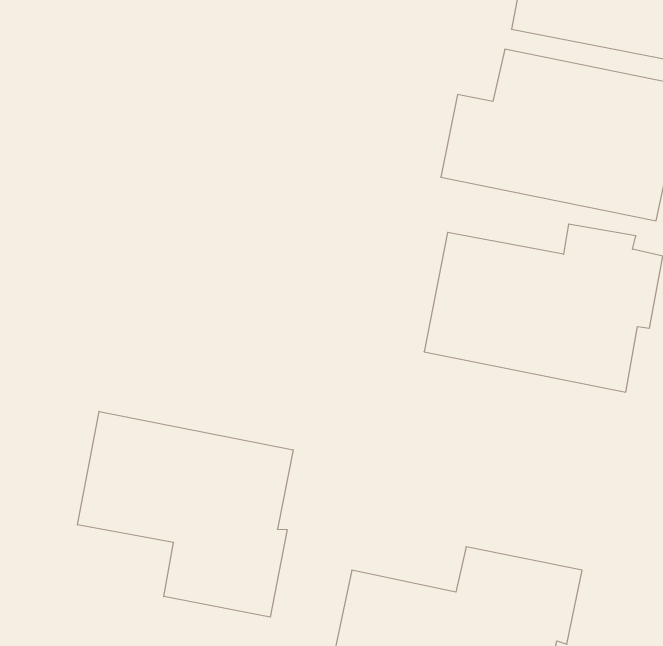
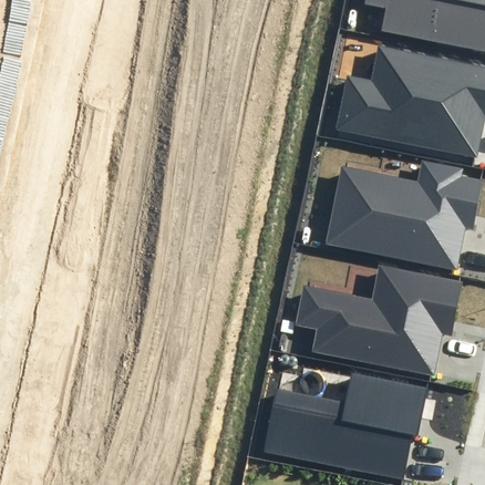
building: none -> [295,265,462,375]
building: [78,411,293,617] -> none

